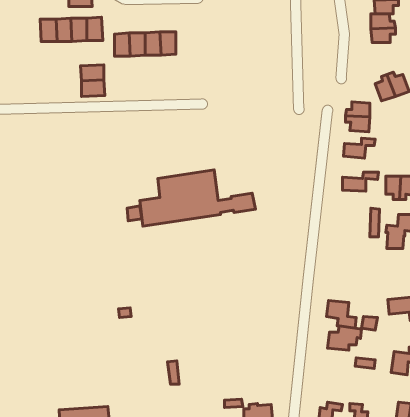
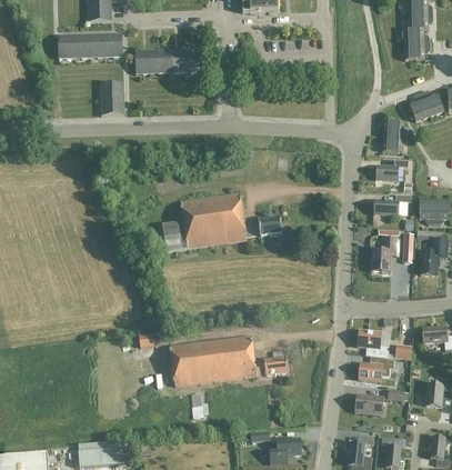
building: none -> [370,237,398,272]
building: none -> [169,336,288,386]
building: none -> [354,393,383,414]

